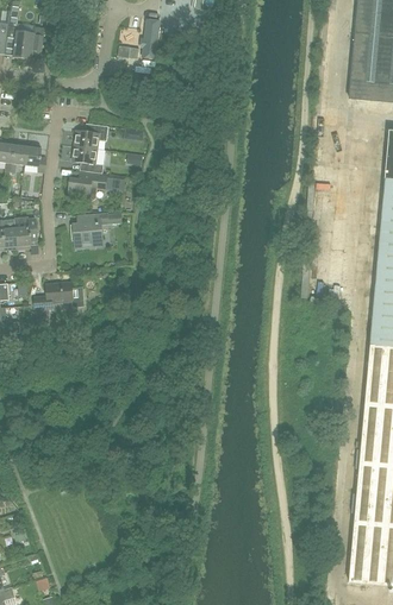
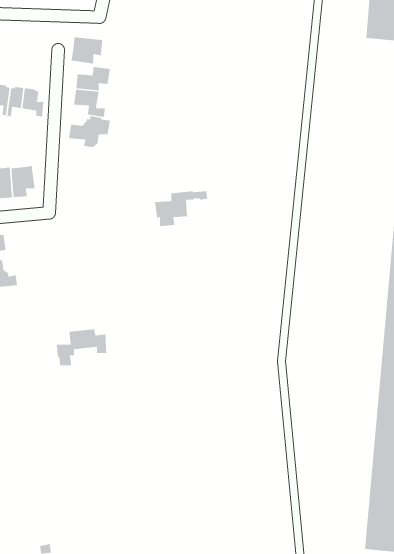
building: none -> [71,36,103,64]
building: [70,212,121,246] -> [154,190,208,227]
building: [35,281,83,316] -> [56,329,107,366]

